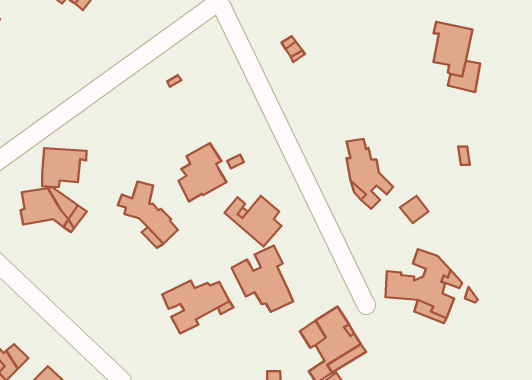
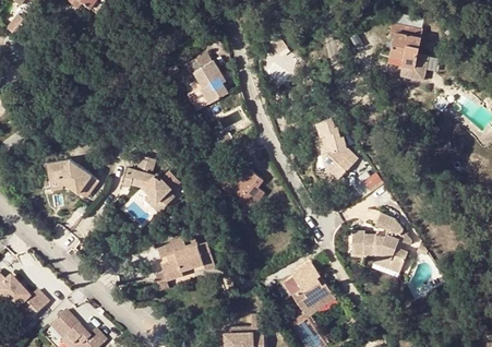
building: [179,143,227,202] -> [184,60,225,109]
building: [42,148,87,187] -> none
building: [232,245,293,312] -> none

